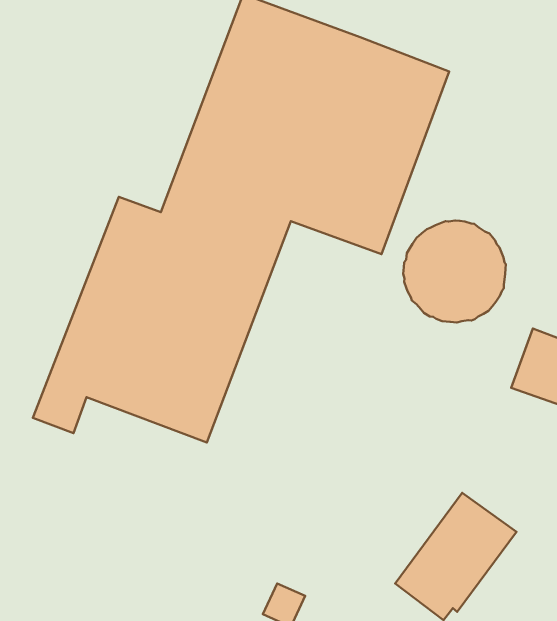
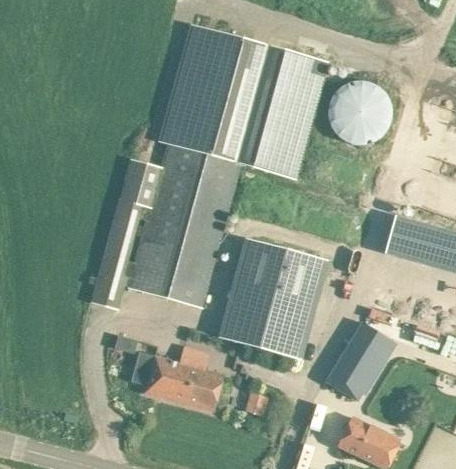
building: [403,221,506,322] -> [327,80,390,143]
building: none -> [220,239,325,357]
building: none -> [130,346,223,411]

